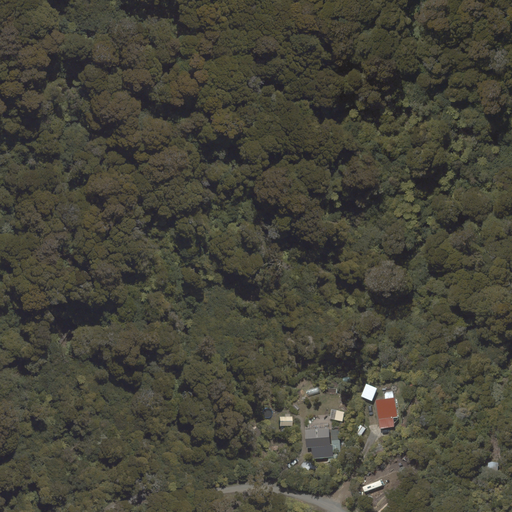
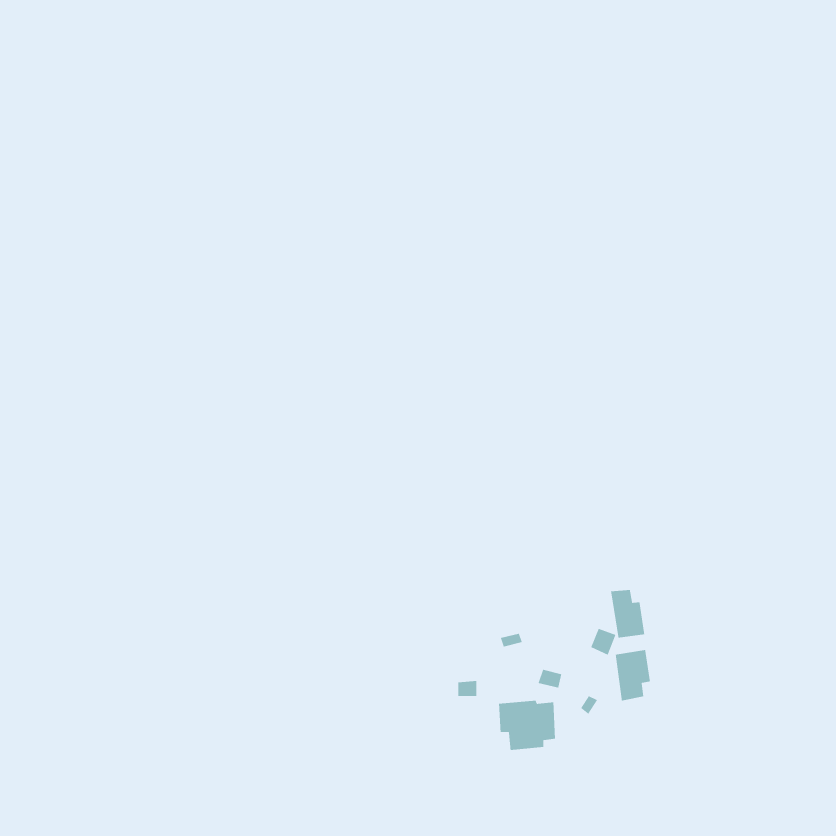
building: none -> [610,589,645,639]

